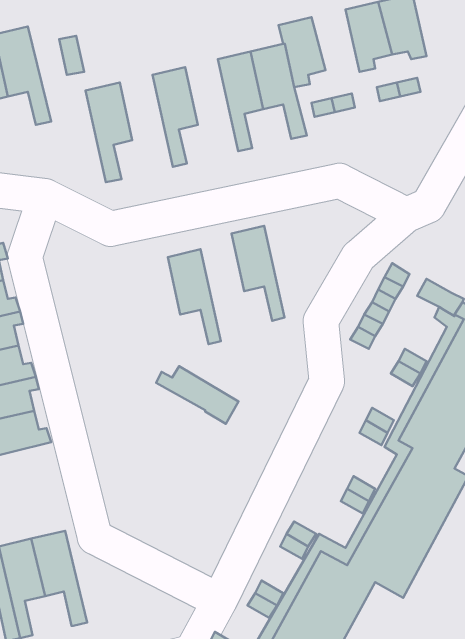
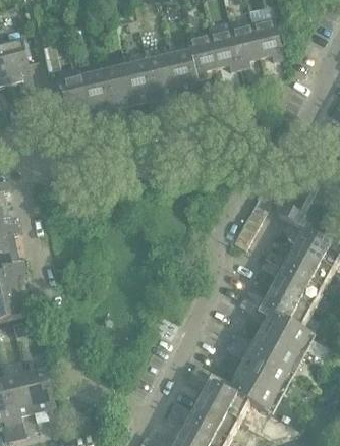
building: none -> [207,29,238,71]
building: [232,226,284,321] -> [124,61,159,123]
building: [168,249,221,344] -> [81,71,116,133]
building: [156,366,238,424] -> none

